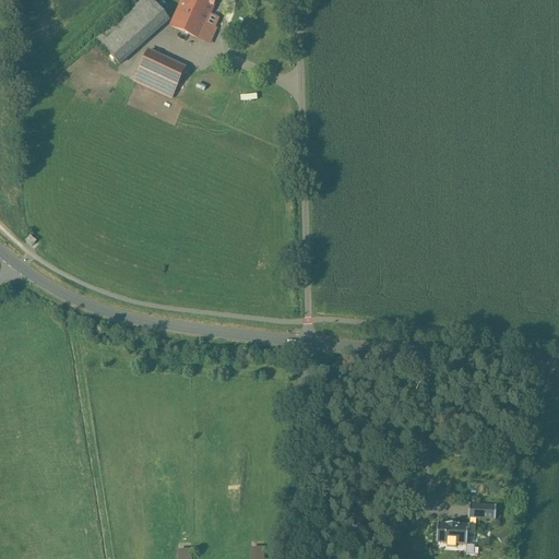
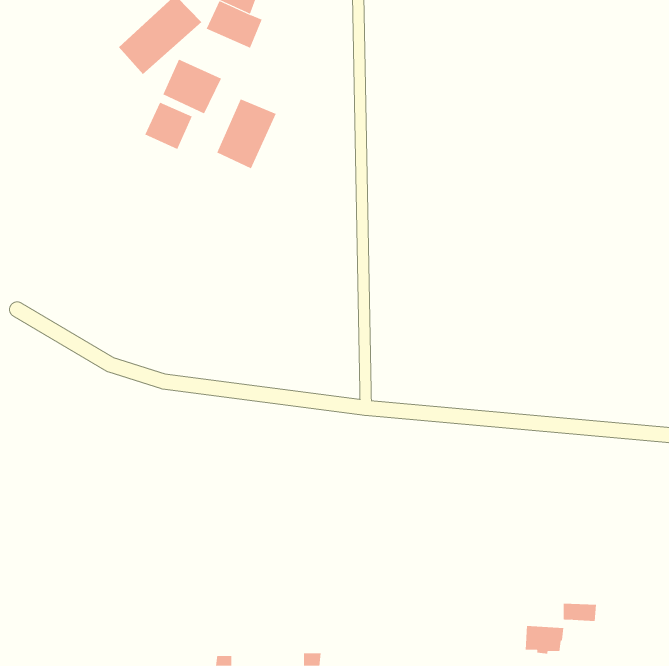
building: none -> [216,99,276,169]
building: none -> [145,102,192,150]

